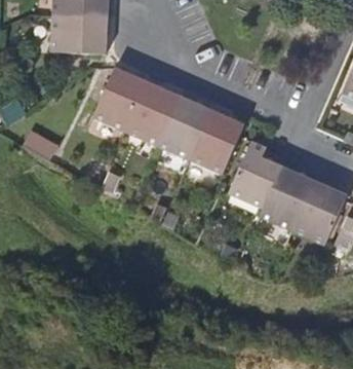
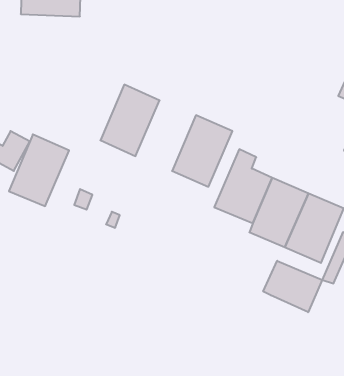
building: [51,17,107,56] -> none
building: [92,67,147,132] -> [9,134,69,206]
building: [157,96,211,159] -> none
building: none -> [263,261,322,312]

